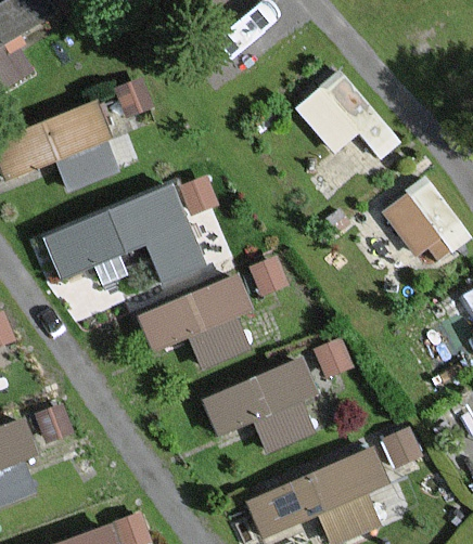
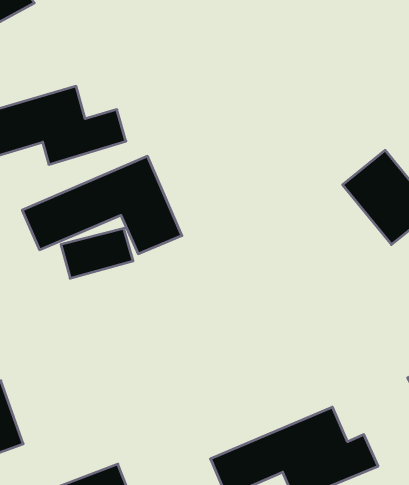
building: [293,68,404,181] -> none
building: [136,272,256,368] -> none
building: [202,354,319,456] -> none

